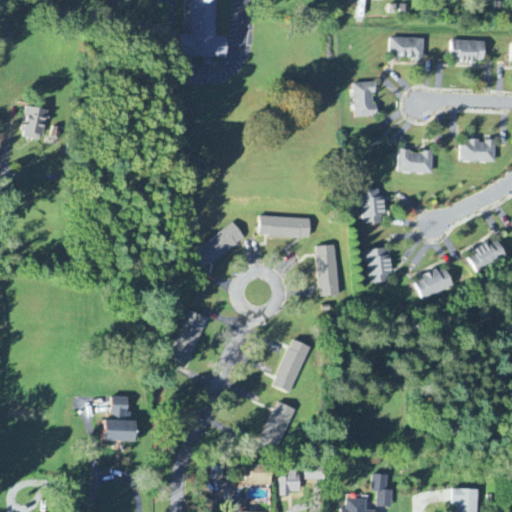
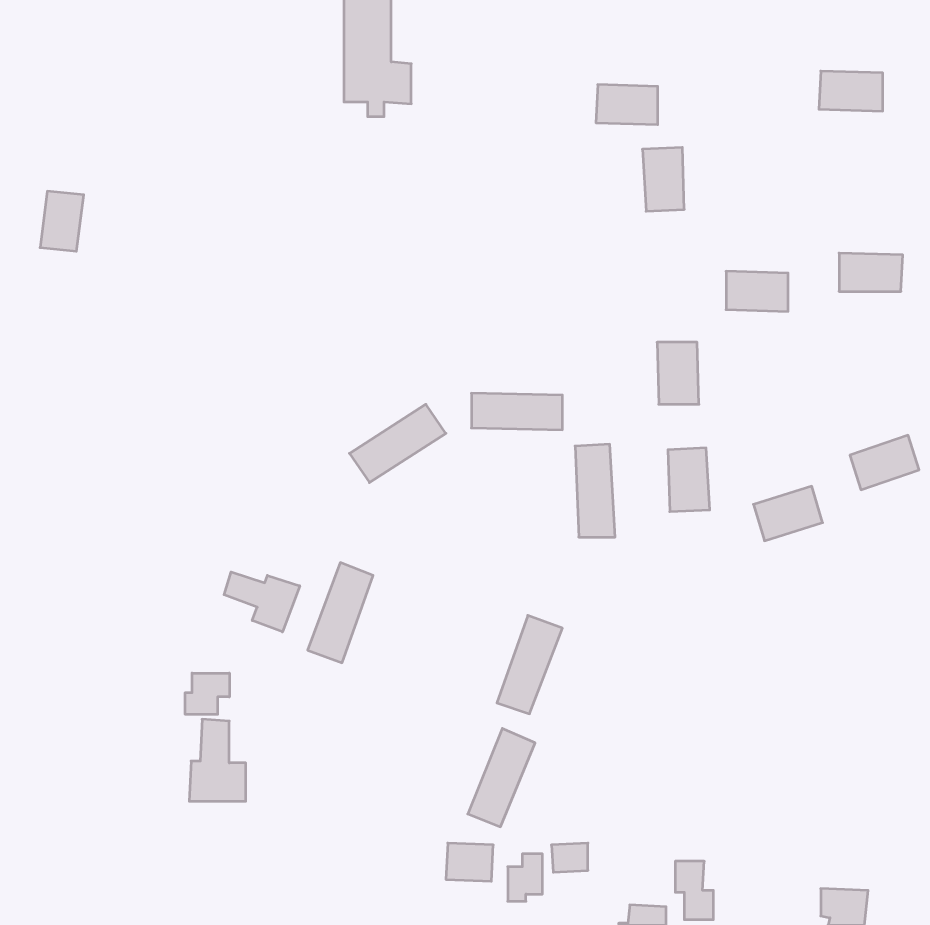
building: [389,36,423,58] -> [596,85,658,125]
building: none -> [224,572,300,632]
building: none -> [185,673,229,714]

